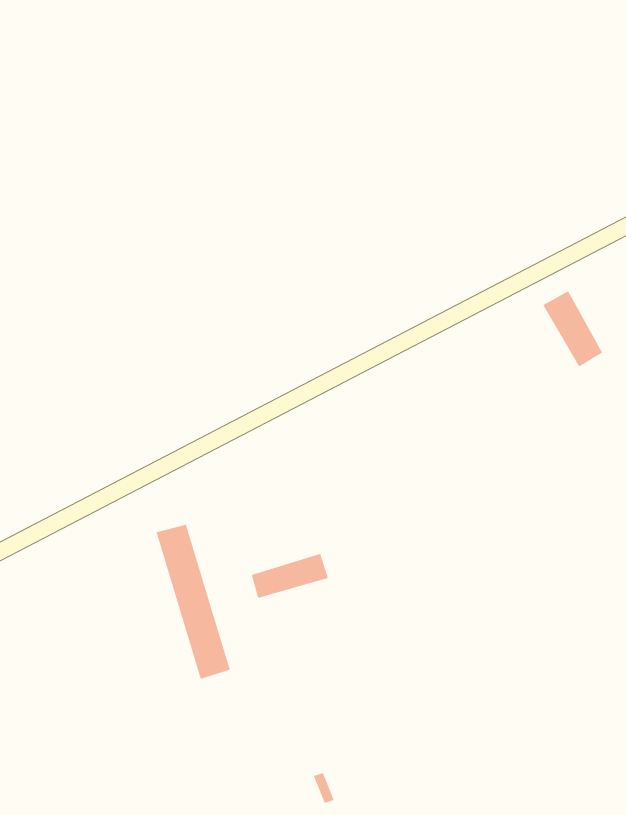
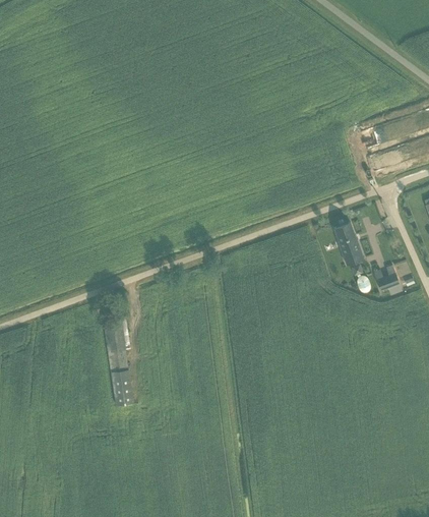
building: [251,553,329,599] -> none

